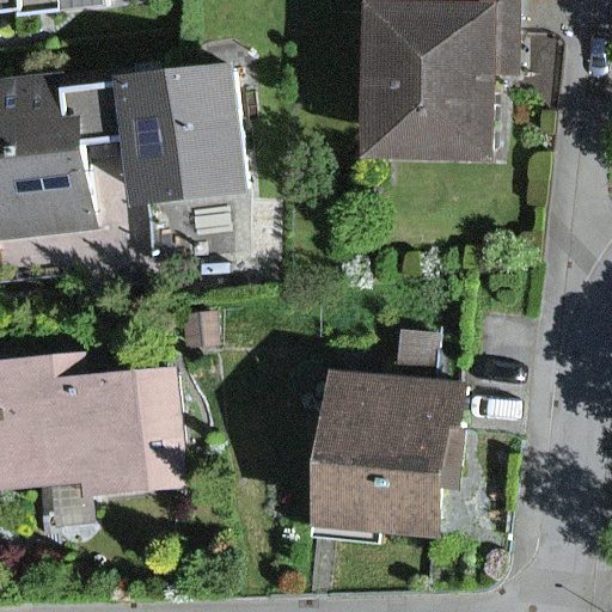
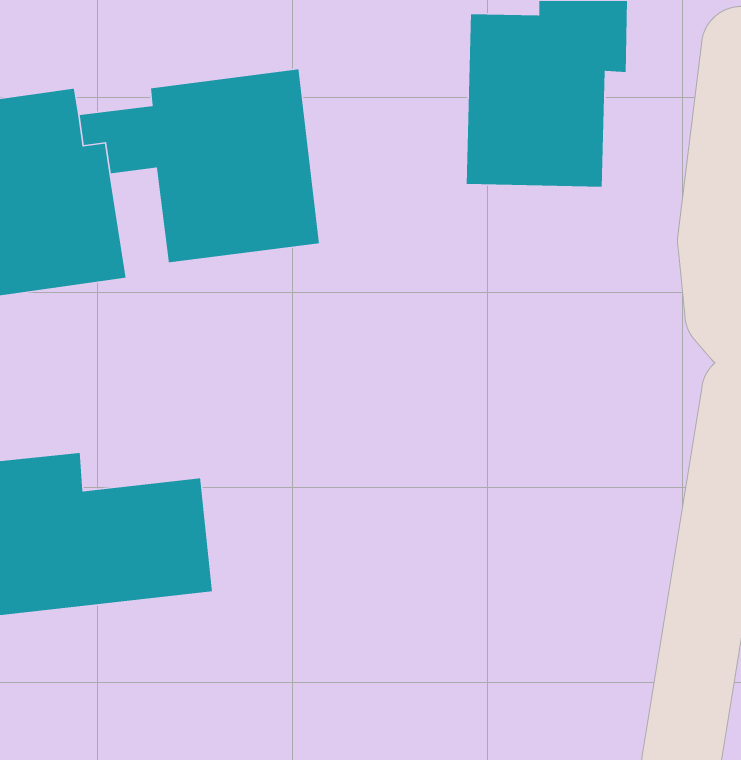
building: [308,387,451,544] -> none

